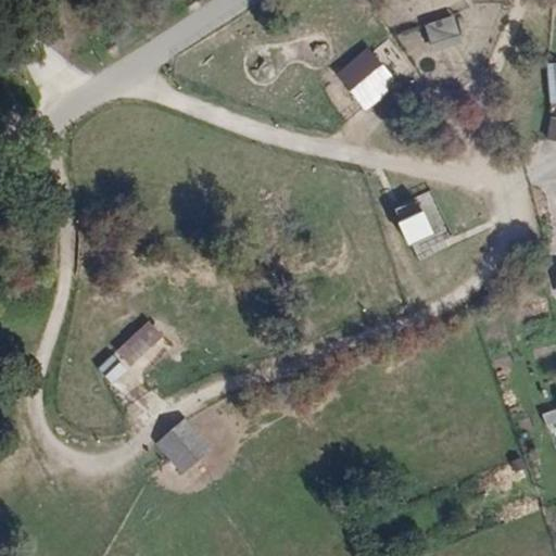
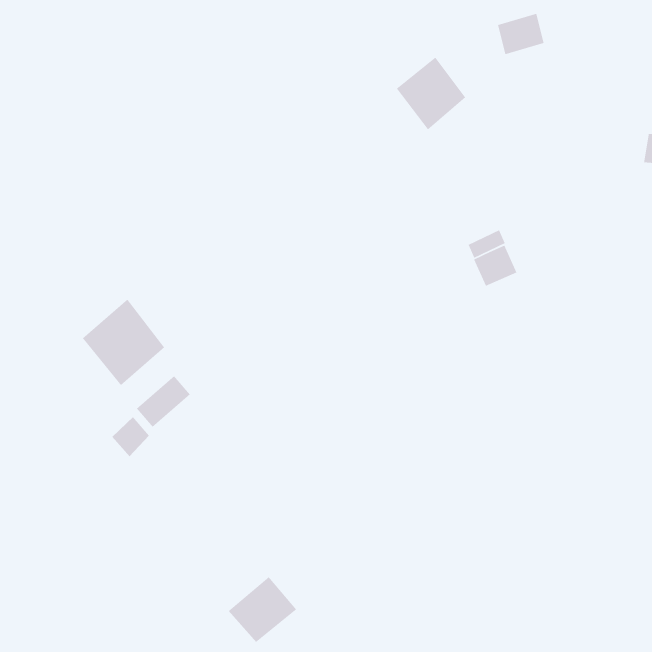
building: none -> [82,298,165,386]
building: [155,417,214,473] -> [228,576,297,643]

